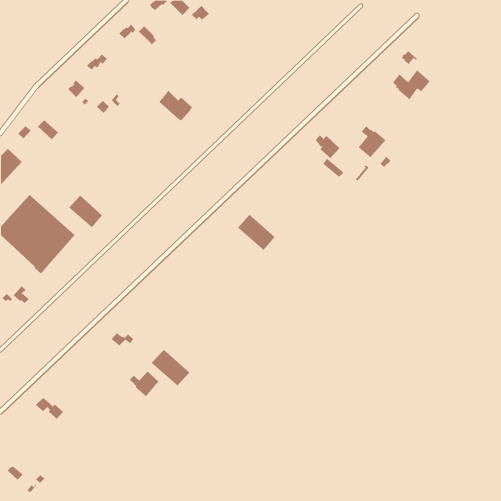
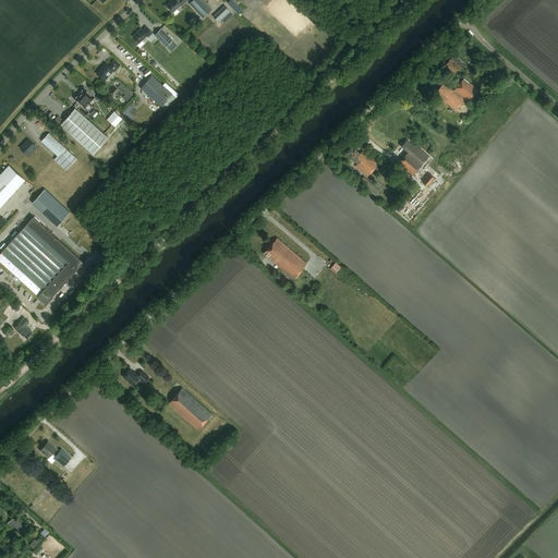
building: [158,90,193,121] -> [141,75,179,110]
building: none -> [54,108,107,154]
building: [69,195,103,228] -> [31,190,69,227]
building: [129,371,159,397] -> none

